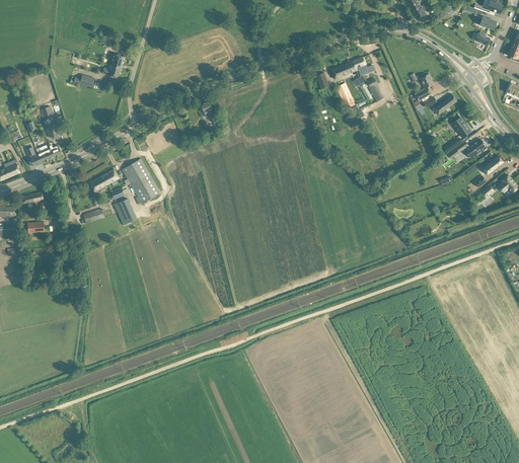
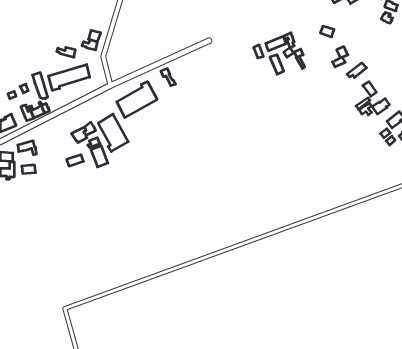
building: none -> [48,64,90,90]
building: none -> [117,82,157,118]

